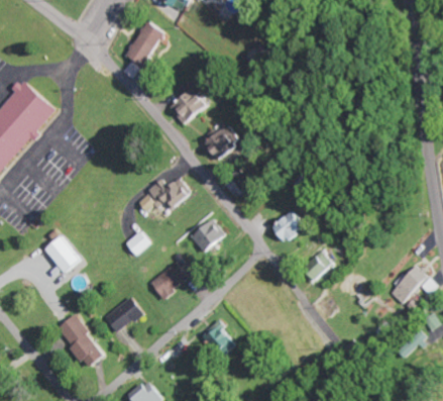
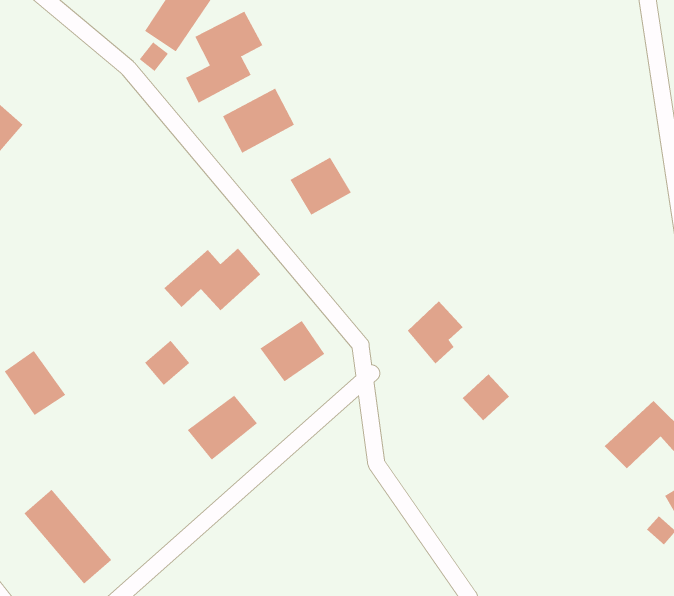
building: none -> [185,11,263,104]
building: [102,297,141,333] -> none
building: [201,322,235,355] -> none

